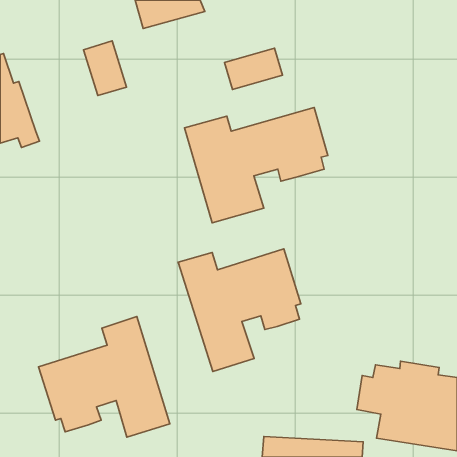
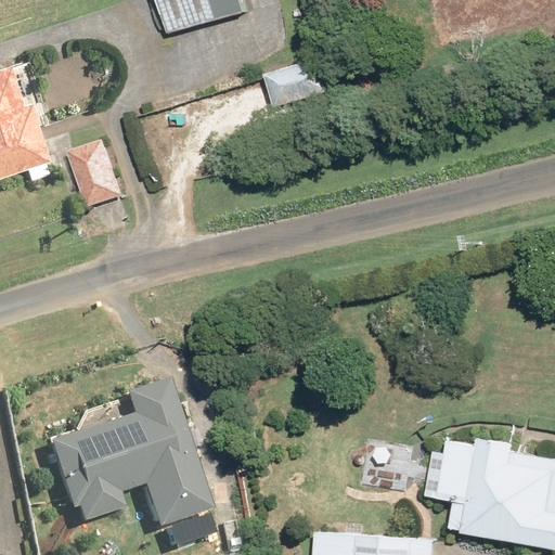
building: [83,41,126,95] -> [75,141,127,207]
building: [184,108,328,223] -> none
building: [178,249,301,372] -> none

